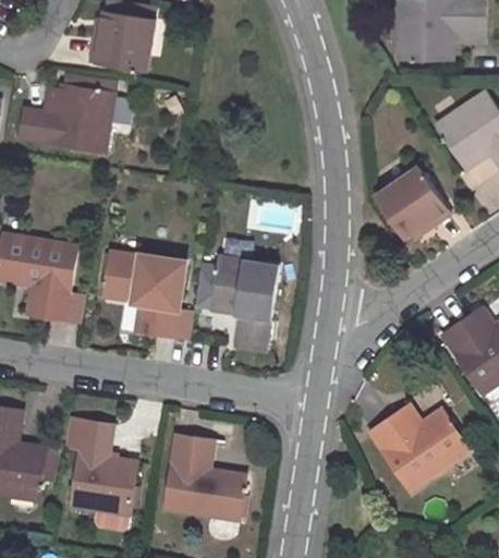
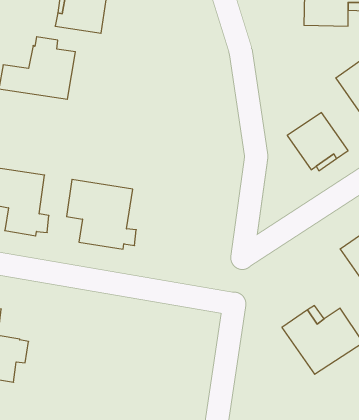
building: [211,254,277,349] -> none
building: [70,420,137,513] -> none
building: [165,434,245,520] -> none

